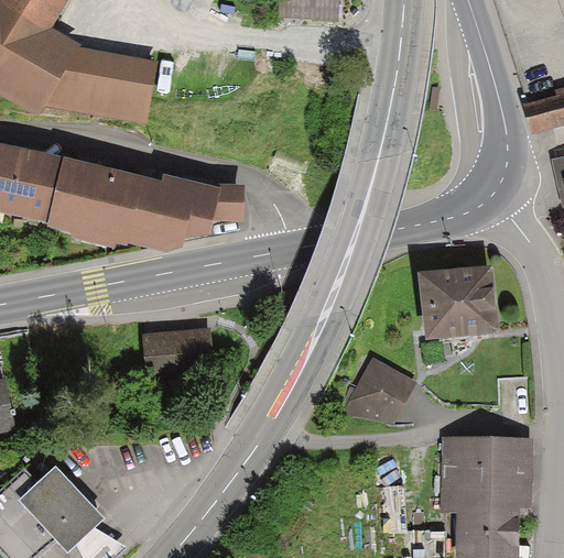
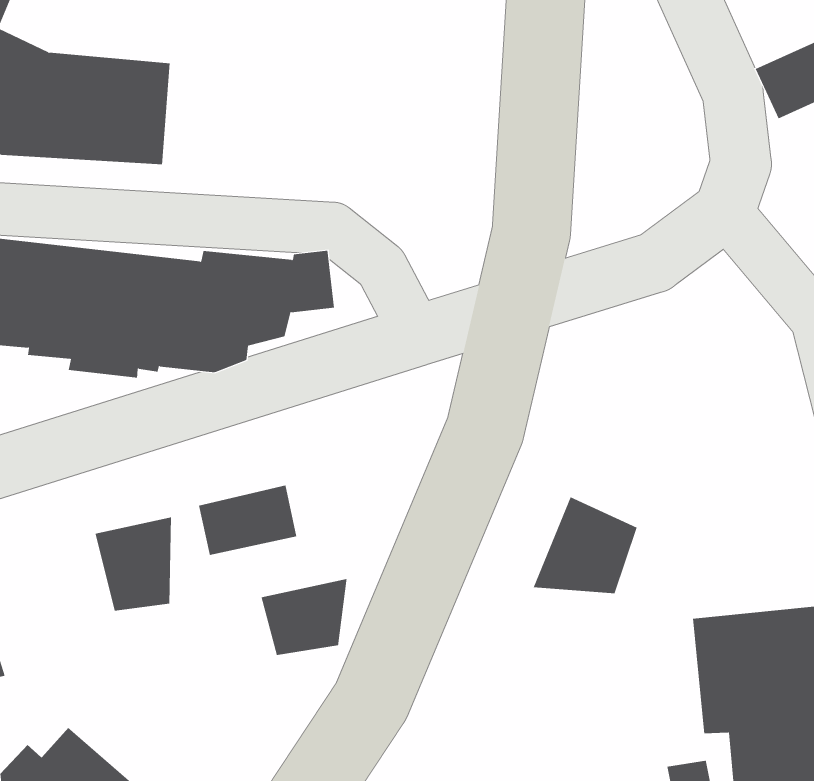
building: [419,270,498,337] -> none
building: none -> [95,516,171,611]
building: none -> [261,578,347,656]

